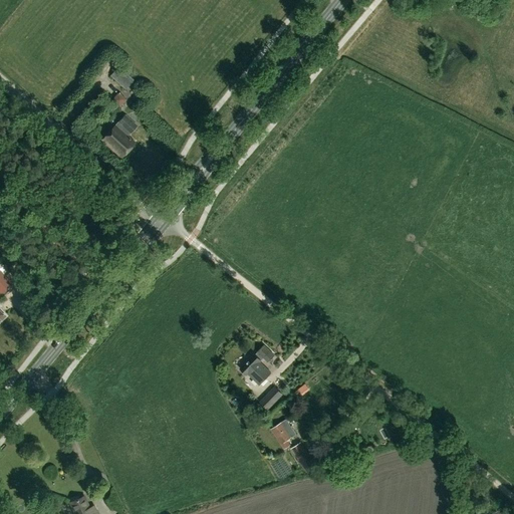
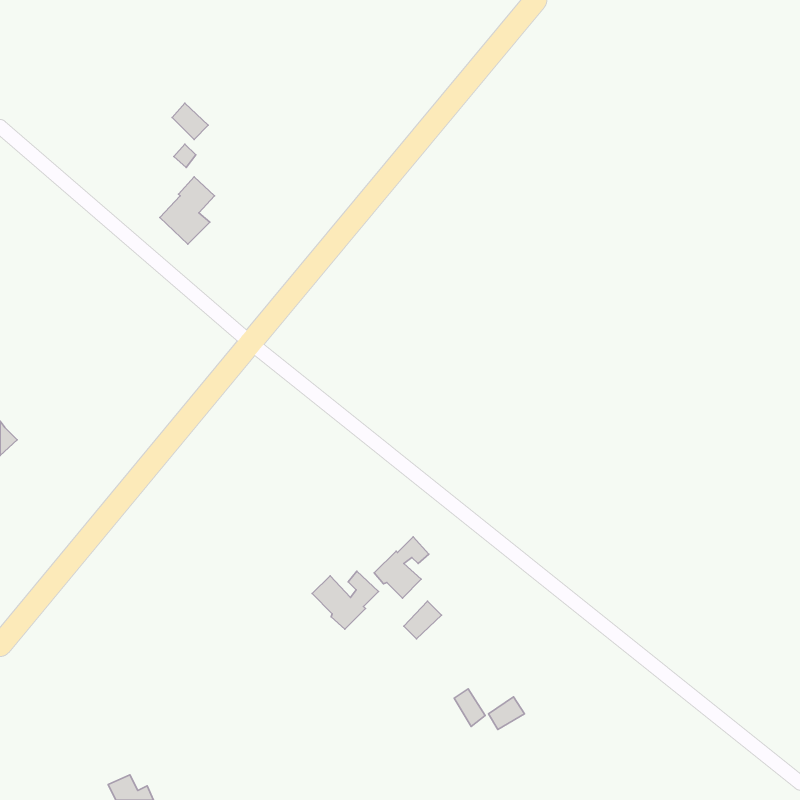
building: none -> [312,571,379,629]
building: [271,419,296,449] -> none

